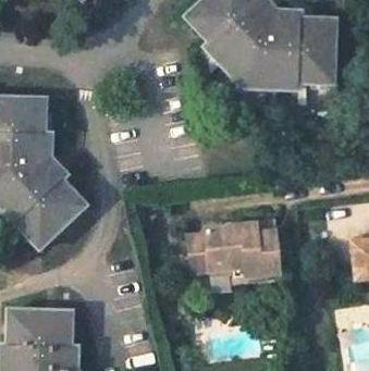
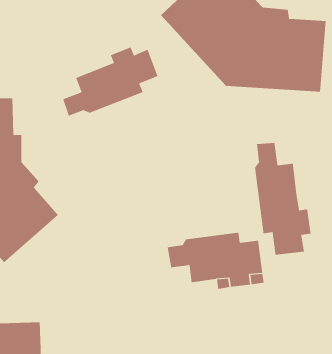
building: none -> [63,46,158,116]
building: none -> [255,142,311,256]

